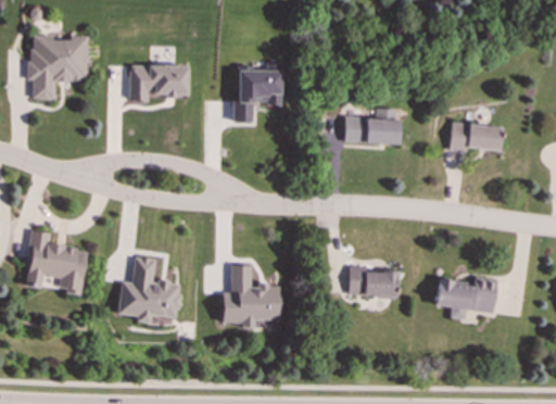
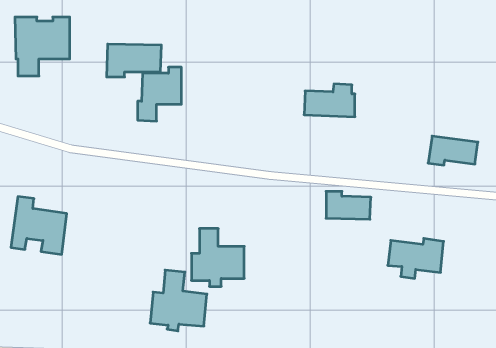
building: [233,64,281,123] -> [138,67,181,121]
building: [450,122,504,153] -> [428,136,478,165]
building: [117,257,179,324] -> [150,270,207,331]
building: [349,266,397,296] -> [326,191,371,219]

